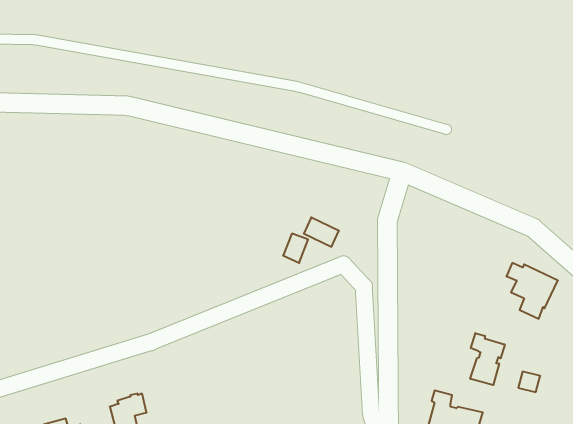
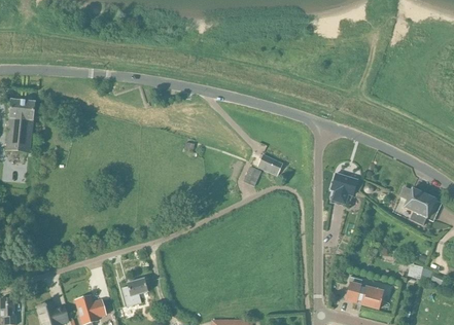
building: none -> [330,173,357,204]
building: [470,333,505,385] -> none

